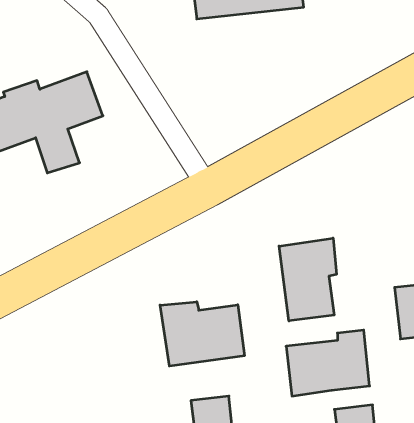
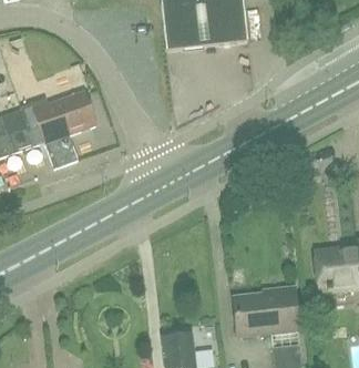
building: [279,238,336,321] -> none
building: [160,302,244,366] -> none

